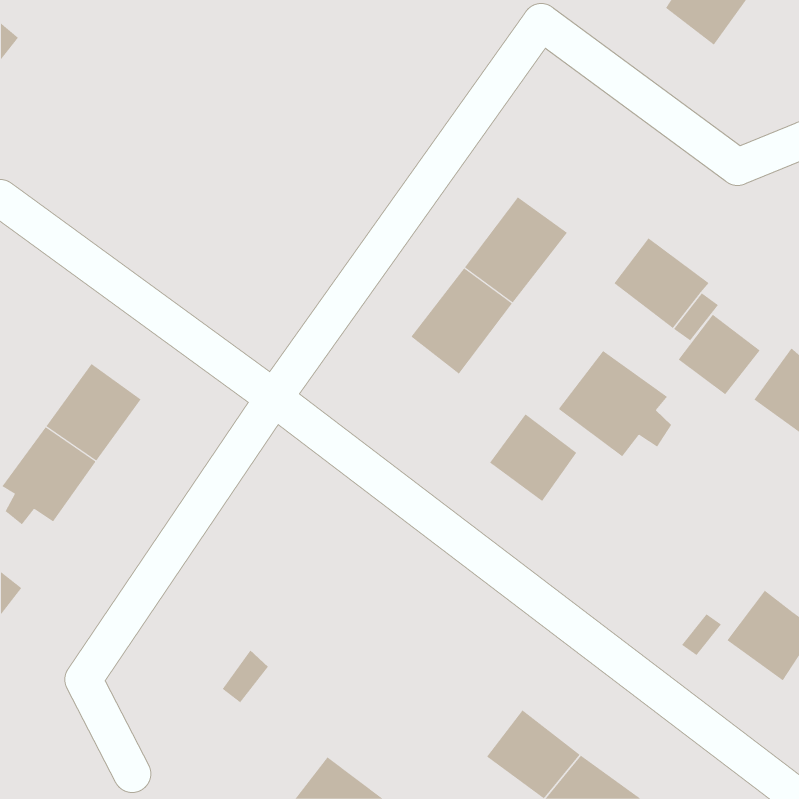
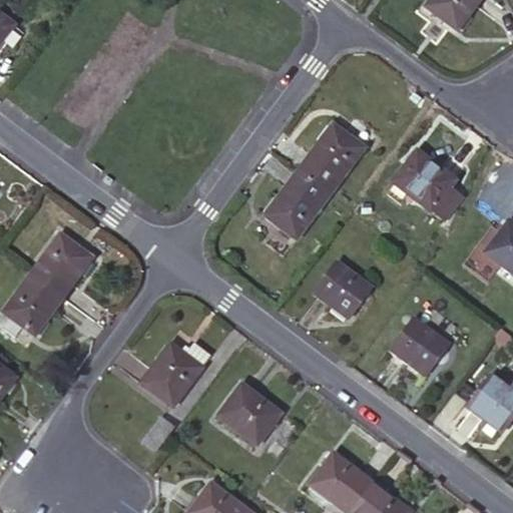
building: [678,314,761,395] -> none
building: [559,350,672,457] -> none
building: none -> [390,319,449,377]
building: none -> [143,341,212,404]
building: none -> [220,382,281,442]

